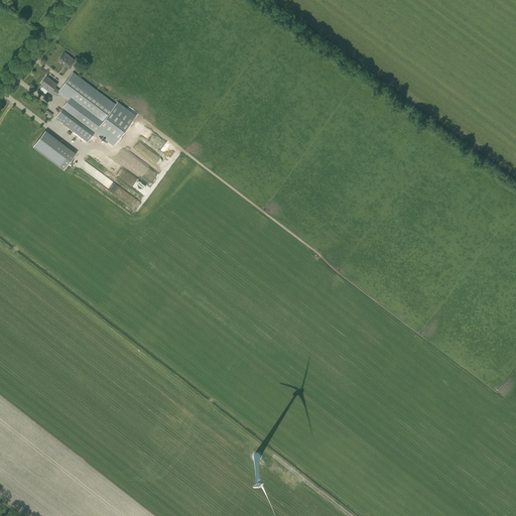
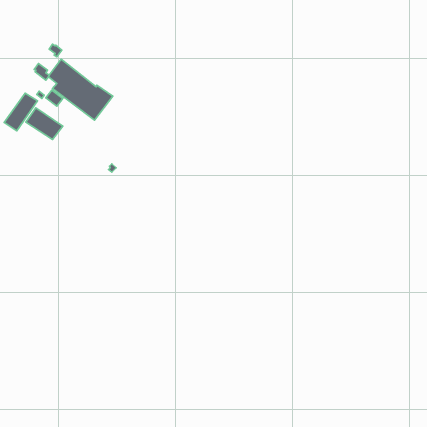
building: none -> [4,93,38,131]

